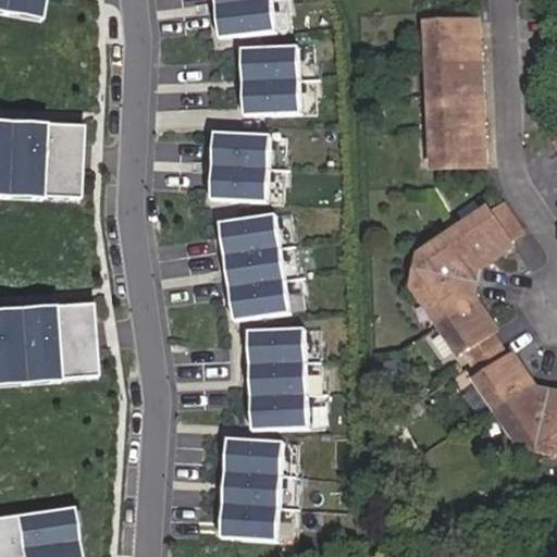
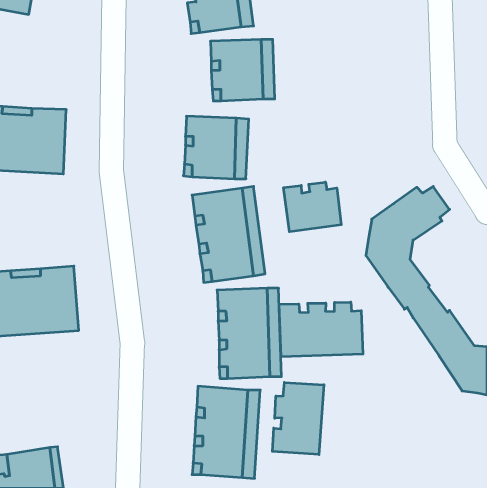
building: [426,21,479,162] -> none
building: none -> [284,182,341,232]
building: none -> [279,302,363,357]
building: none -> [272,382,324,455]

